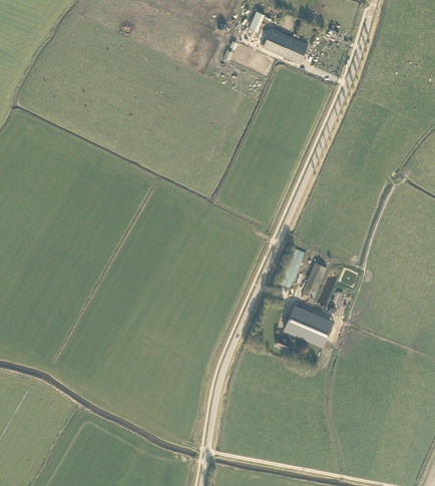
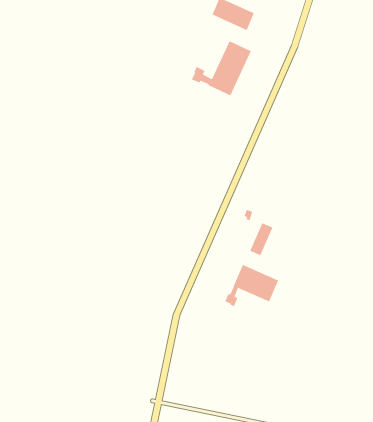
building: none -> [191,40,252,96]

